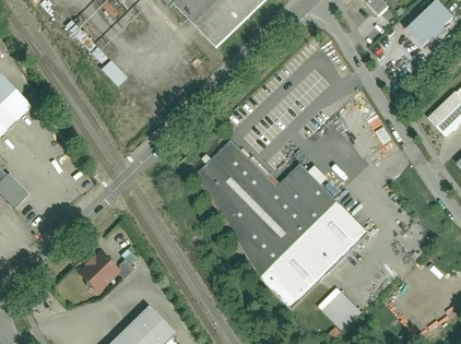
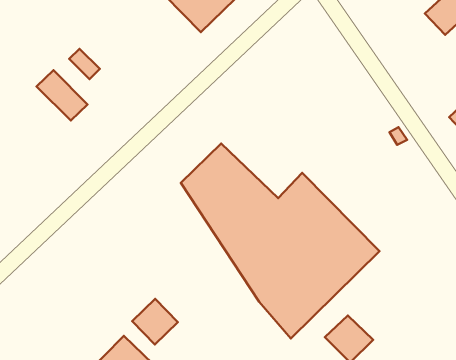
building: none -> [37,70,87,121]
building: [74,246,118,289] -> none
building: none -> [132,299,178,344]

